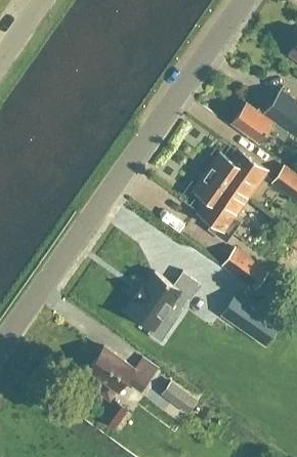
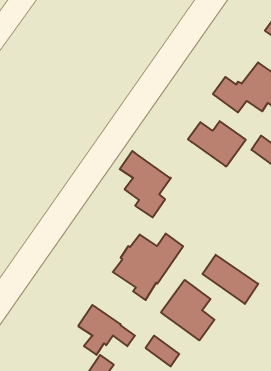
building: [192,171,246,242] -> [120,151,171,217]
building: [222,248,268,288] -> none
building: none -> [161,280,214,340]

